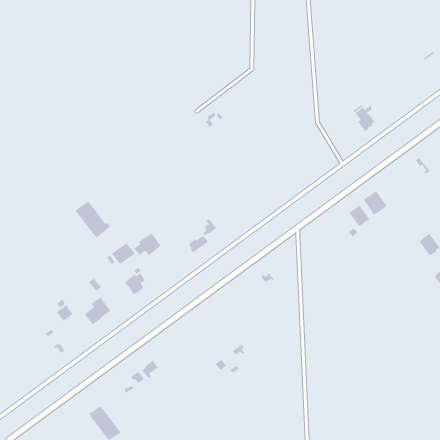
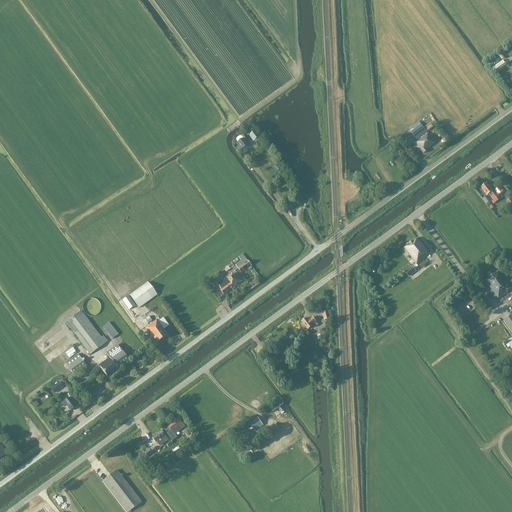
building: [363,190,387,215] -> none
building: [75,201,111,239] -> [66,310,108,354]
building: [134,232,161,256] -> none

